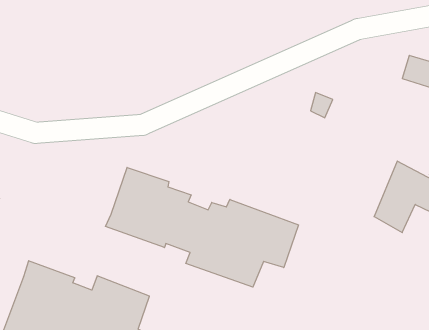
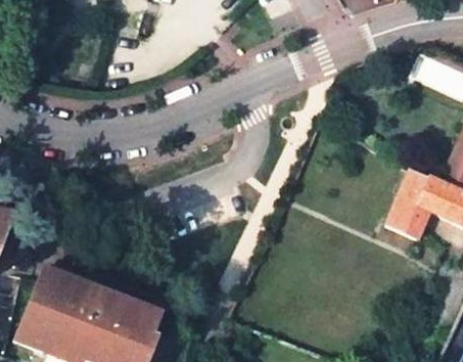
building: [106,167,298,287] -> none

